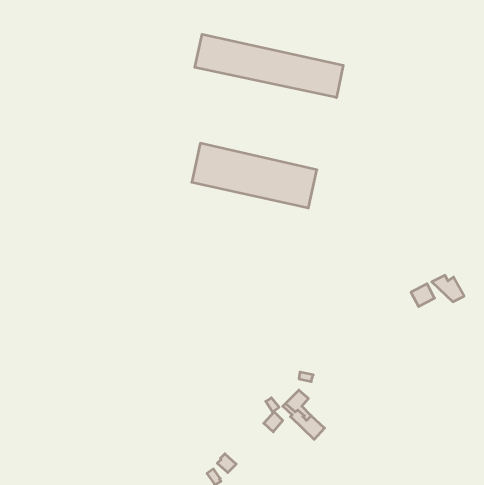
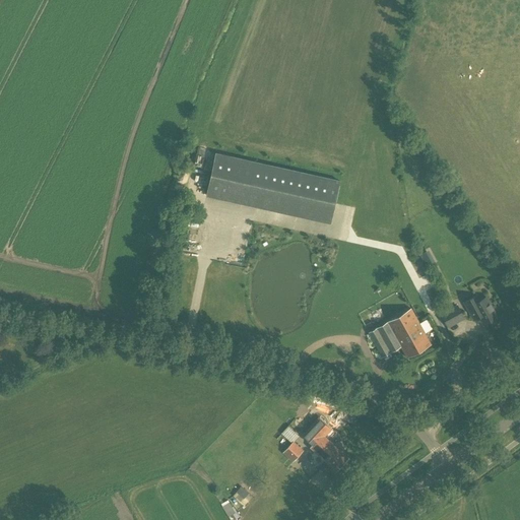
building: [195,34,343,98] -> none
building: none -> [370,309,432,356]

